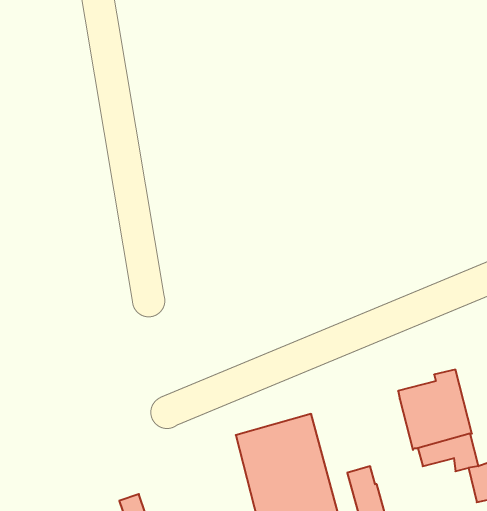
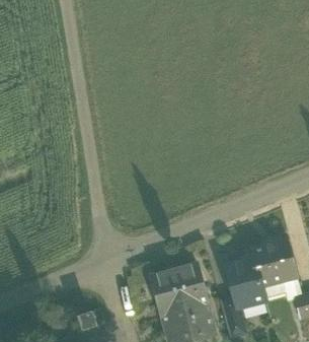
building: none -> [226,255,265,307]

